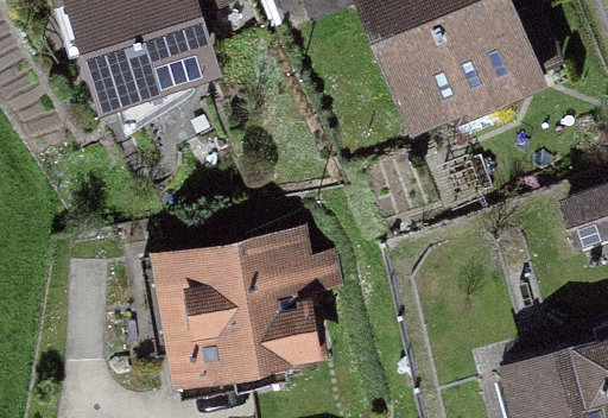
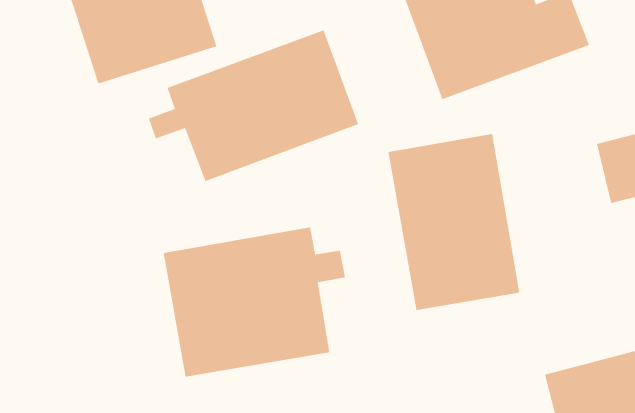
building: none -> [148,29,359,182]
building: none -> [388,133,520,311]

